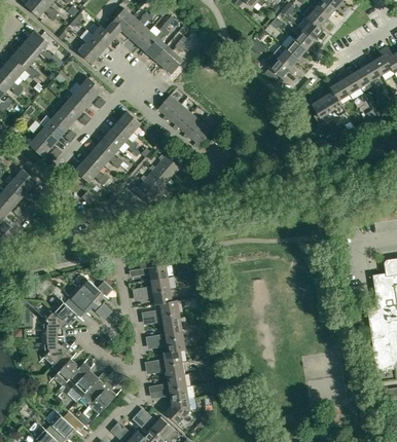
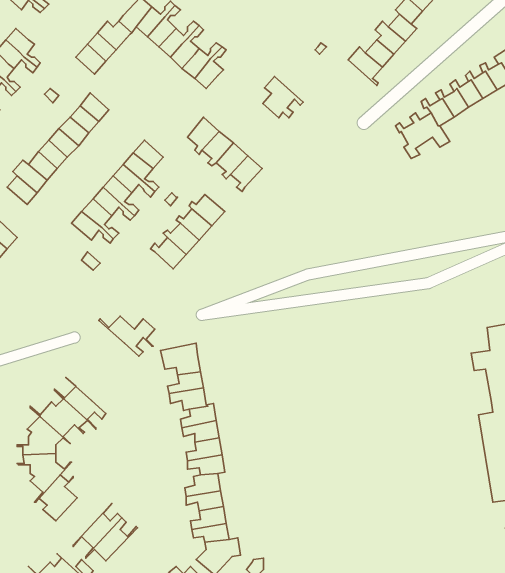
building: [265,53,294,83] -> [263,76,303,118]
building: [71,279,111,307] -> [99,316,155,356]
building: [58,362,104,402] -> none

